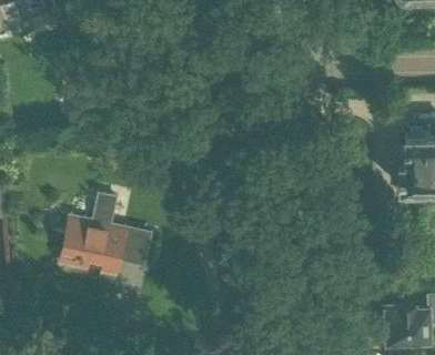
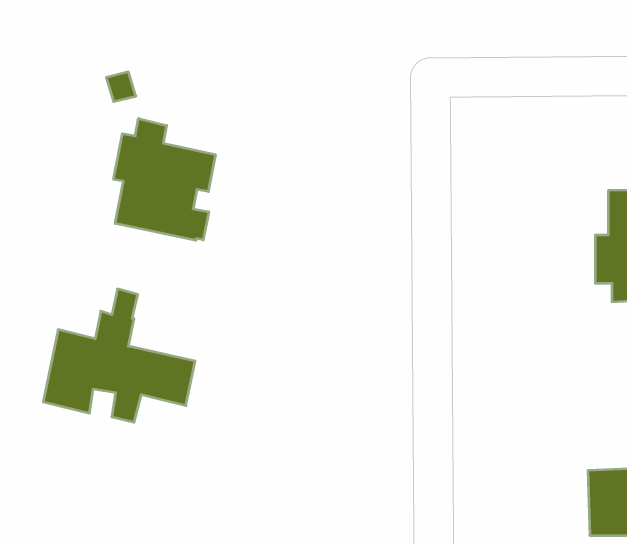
building: none -> [114,118,215,240]

